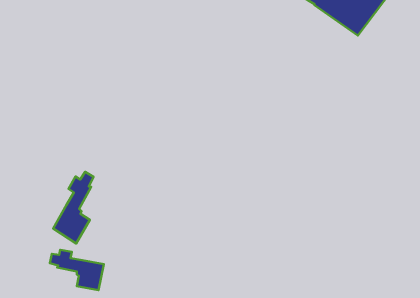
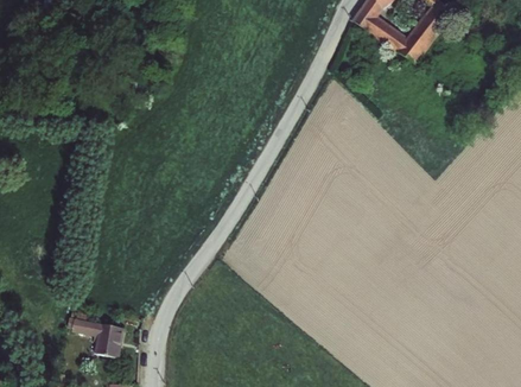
building: [53,172,94,244] -> none

